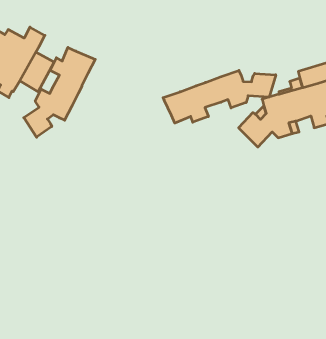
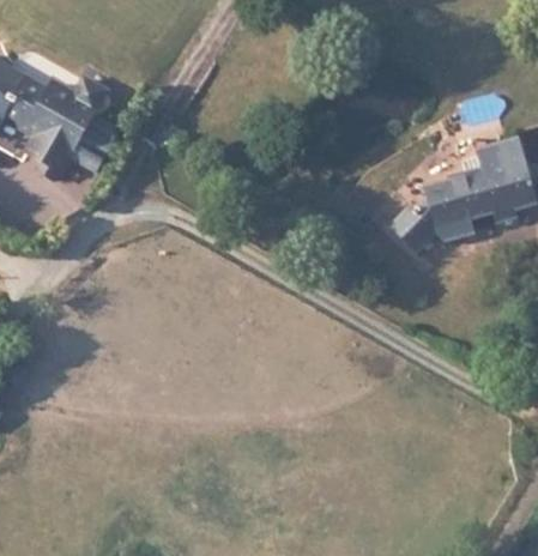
building: [24,47,95,137] -> none
building: [163,70,276,123] -> none

